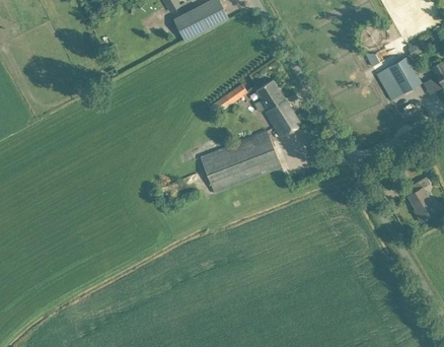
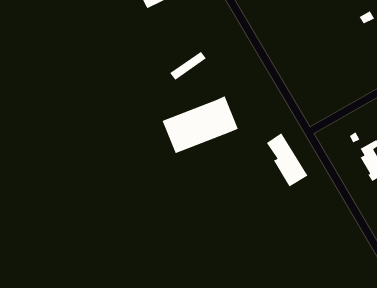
building: [376,57,421,100] -> none
building: [255,79,300,137] -> [266,132,308,187]

